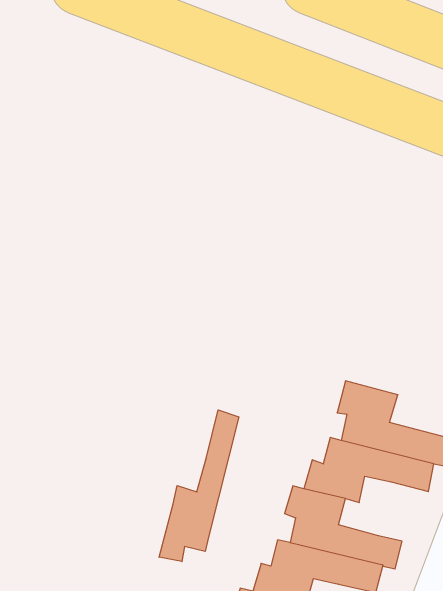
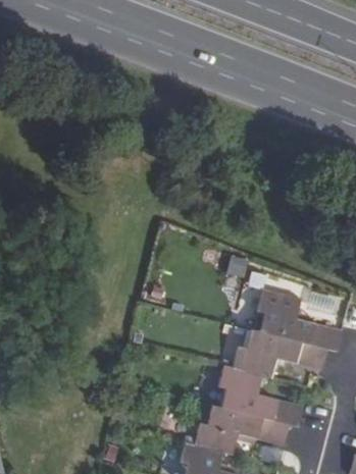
building: [159,410,239,562] -> none

